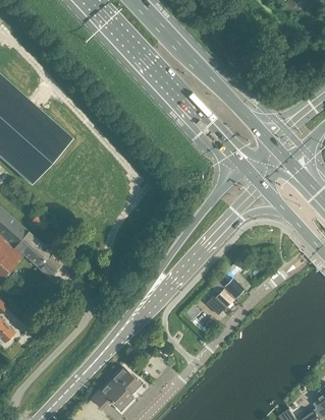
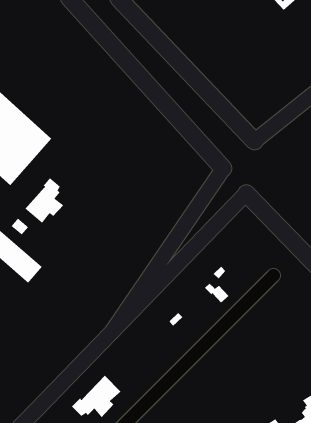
building: none -> [25,177,64,224]
building: [207,284,234,316] -> none

